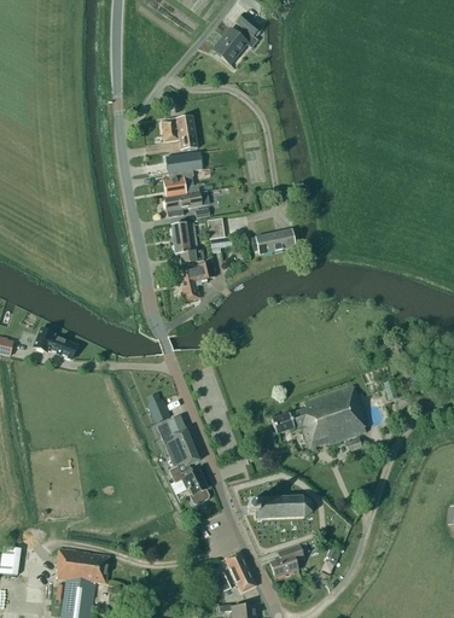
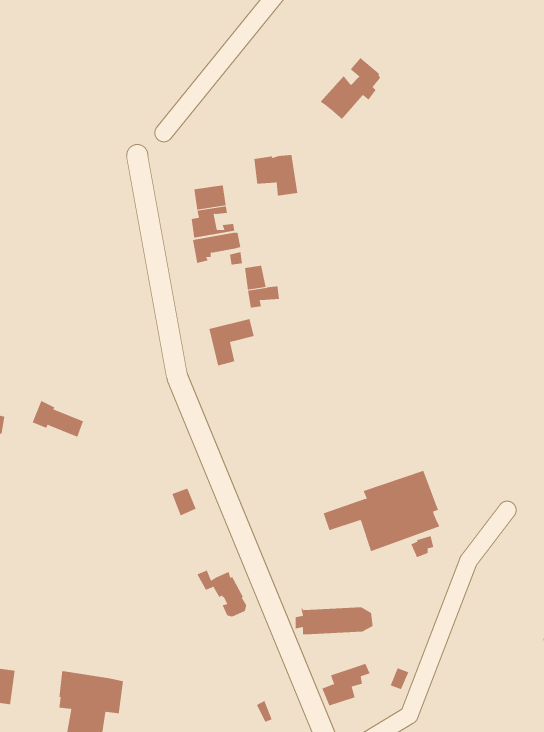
building: [211,13,261,64] -> [320,57,381,120]
building: [161,117,197,151] -> [254,154,298,196]
building: [170,223,203,264] -> none
building: [250,229,295,255] -> none
building: [156,416,199,467] -> none
building: [225,552,255,593] -> none

